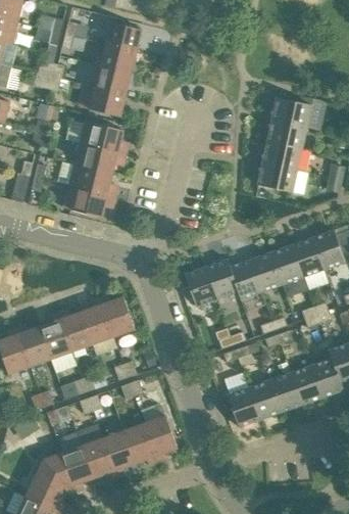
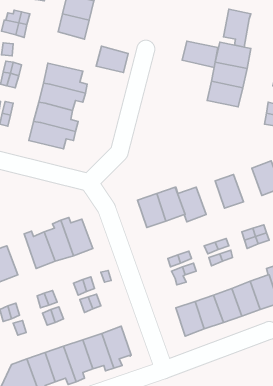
building: none -> [223,9,251,47]
building: [90,86,126,115] -> [96,46,128,73]
building: [257,162,297,192] -> [182,41,218,68]
building: [292,238,323,276] -> none
building: [250,252,282,290] -> none
building: [39,312,71,358] -> none

